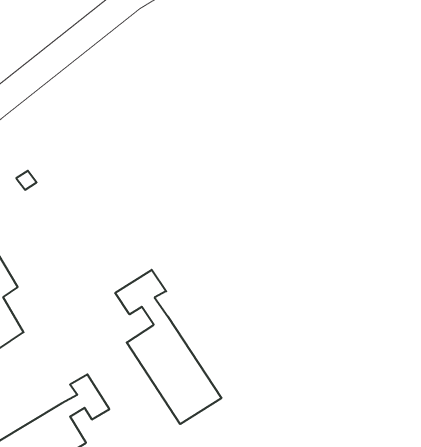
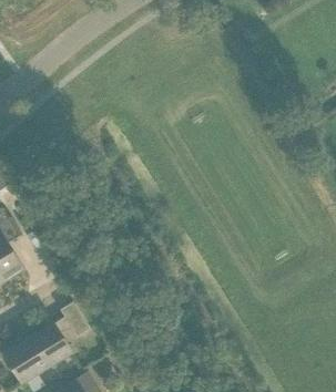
building: [115,270,221,424] -> none

